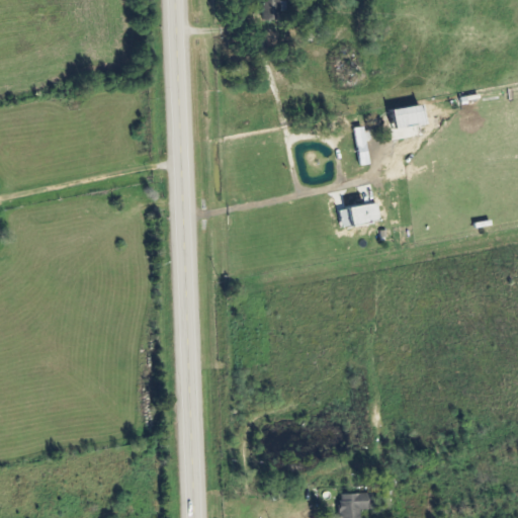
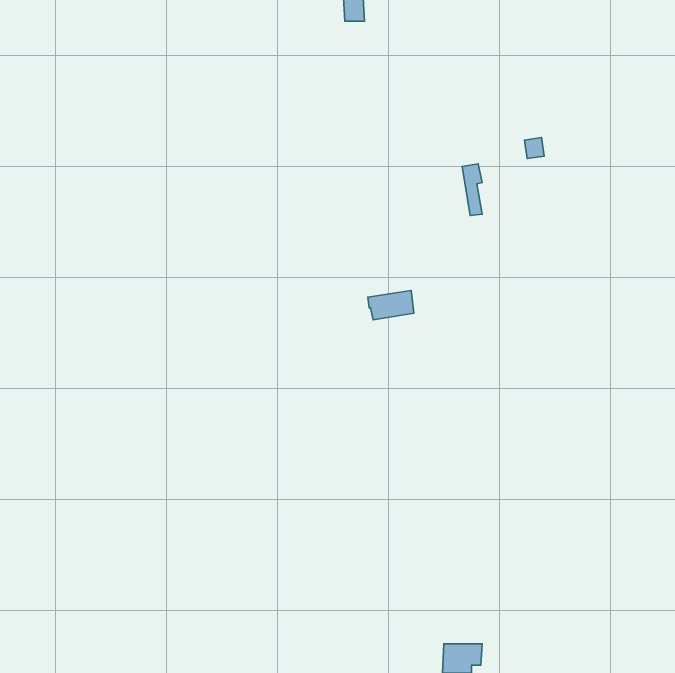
building: [344,203,379,226] -> [368,291,414,320]

